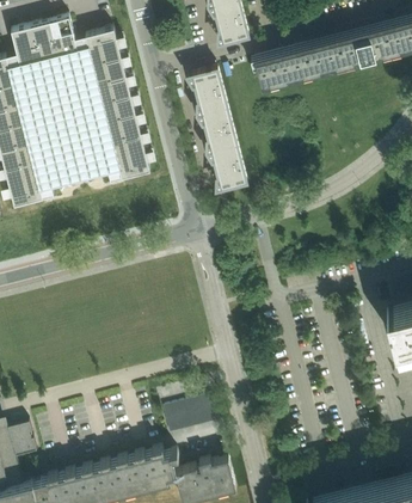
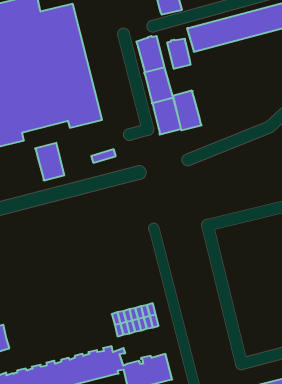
building: none -> [167,39,190,69]
building: none -> [173,90,202,130]
building: none -> [35,143,64,181]

